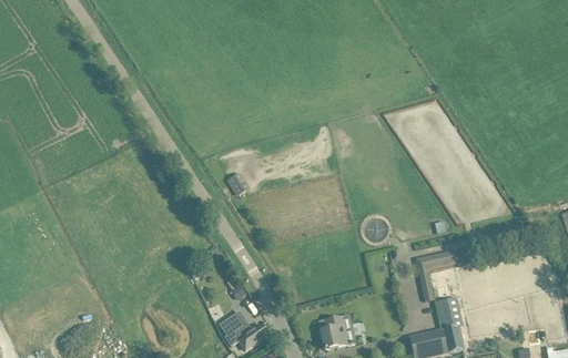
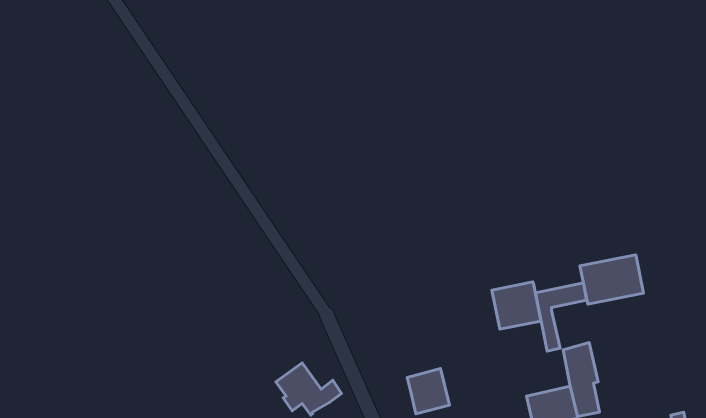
building: none -> [580,255,643,304]
building: none -> [492,282,541,329]

